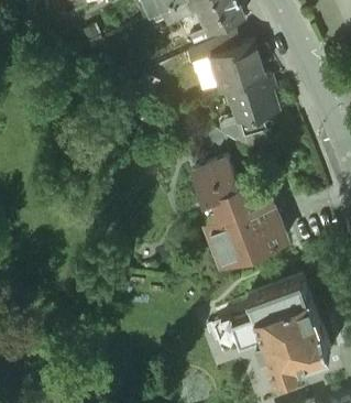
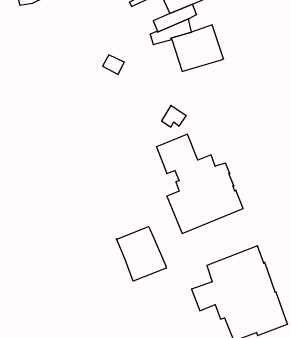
building: [220,80,277,140] -> none
building: none -> [116,227,166,281]

